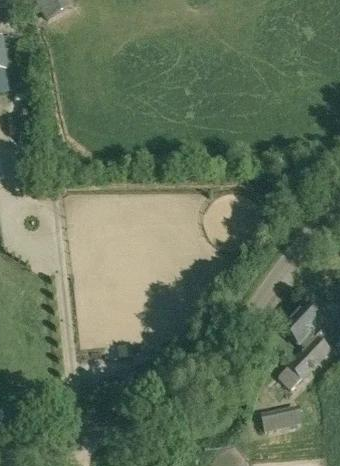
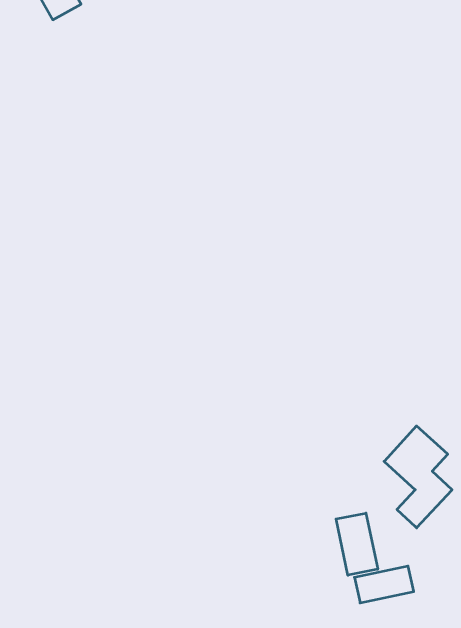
building: none -> [336,513,378,575]

